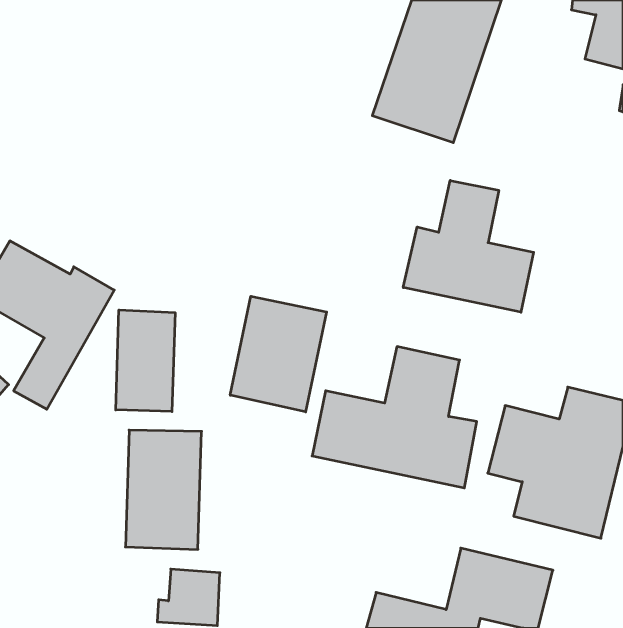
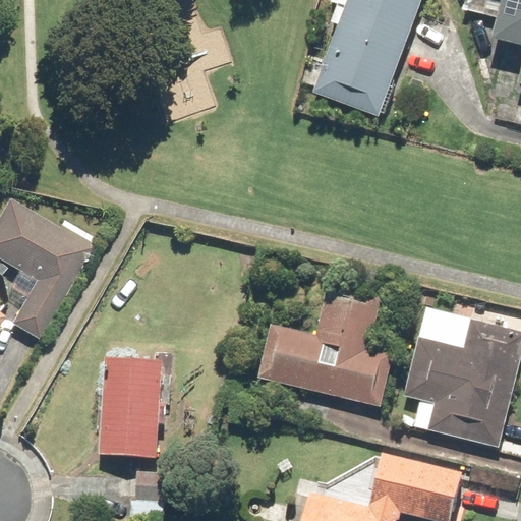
building: [403,180,534,312] -> none
building: [230,296,327,412] -> none
building: [116,310,175,412] -> none

